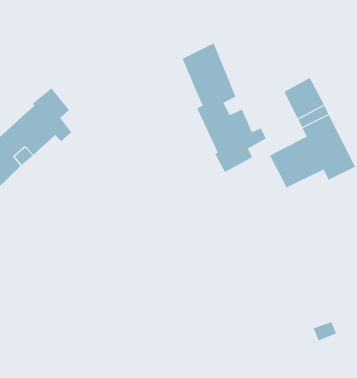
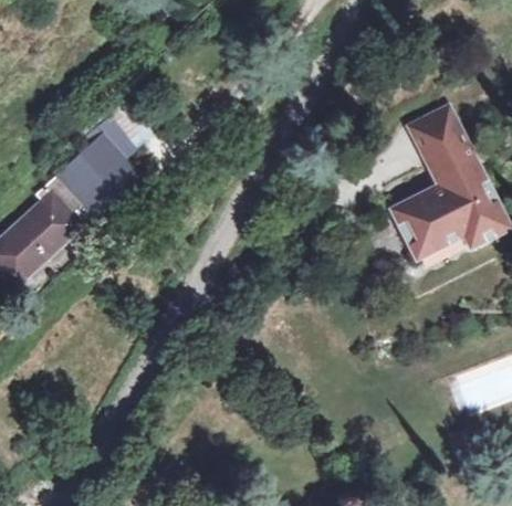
building: [182,43,266,173] -> none

